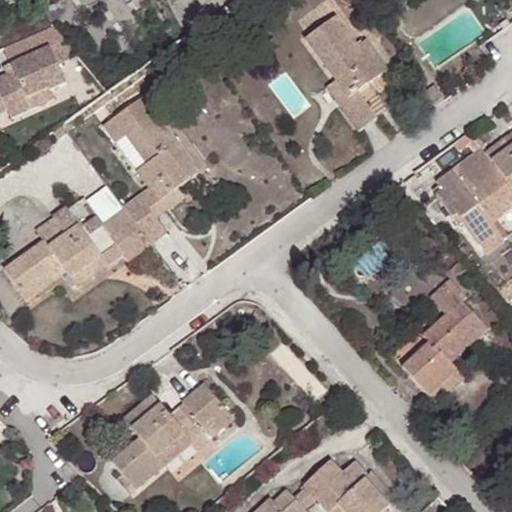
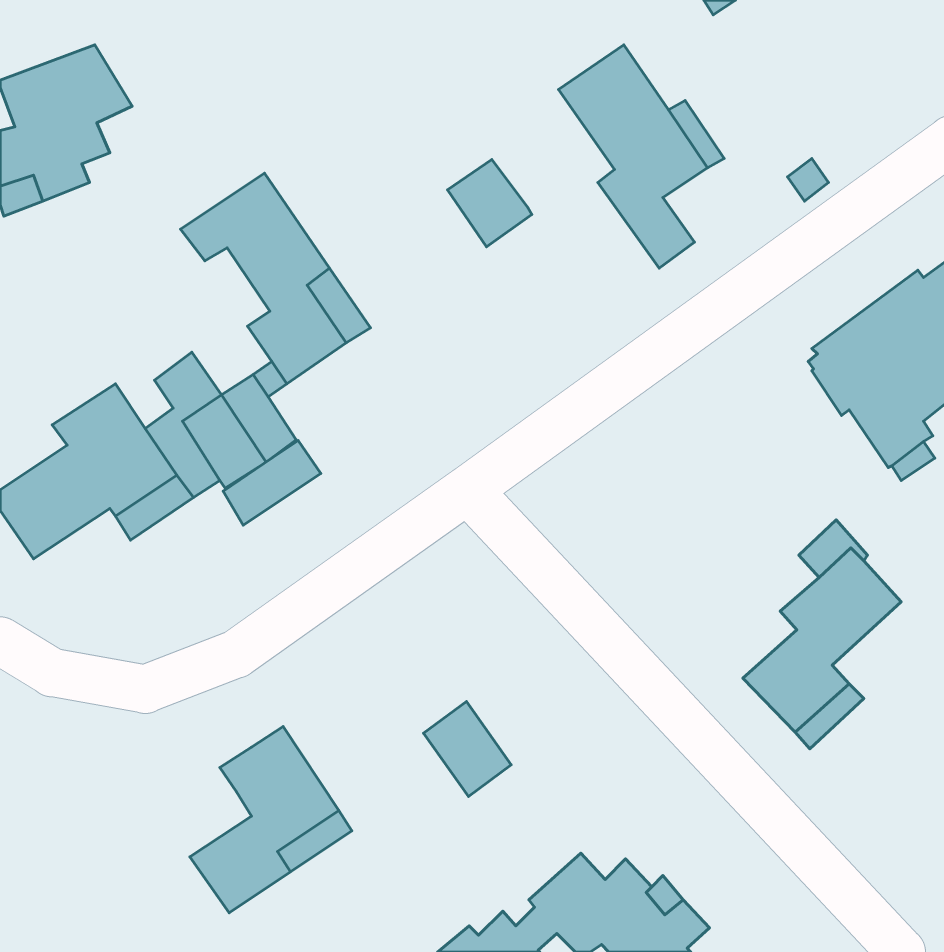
building: none -> [447,159,532,247]
building: none -> [223,441,321,525]
building: [190,390,237,441] -> [424,701,511,797]

